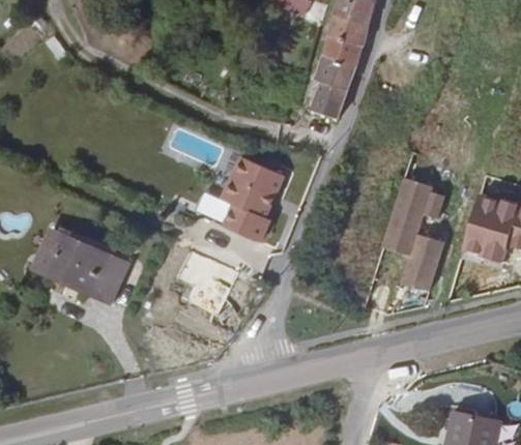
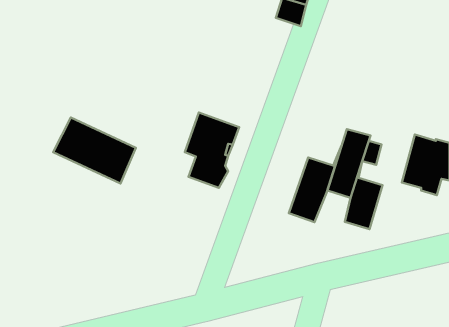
building: [310,57,352,118] -> none
building: none -> [289,145,342,222]
building: [40,227,134,301] -> [53,117,136,184]

